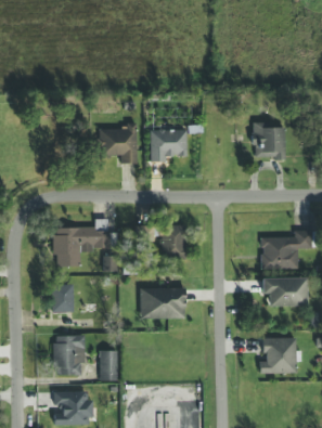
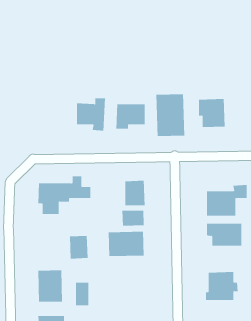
building: none -> [156,94,185,137]
building: none -> [122,210,144,226]
building: [52,284,76,313] -> [69,235,88,259]

